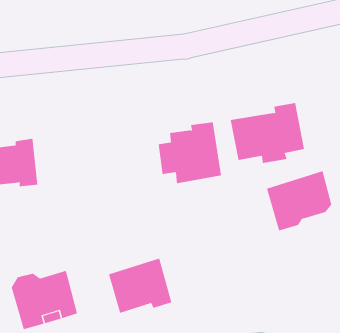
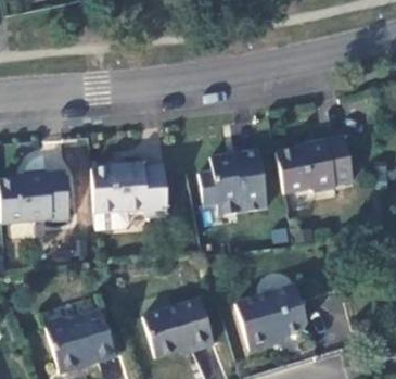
building: none -> [88,159,166,229]
building: [266,170,332,231] -> [237,287,307,352]

